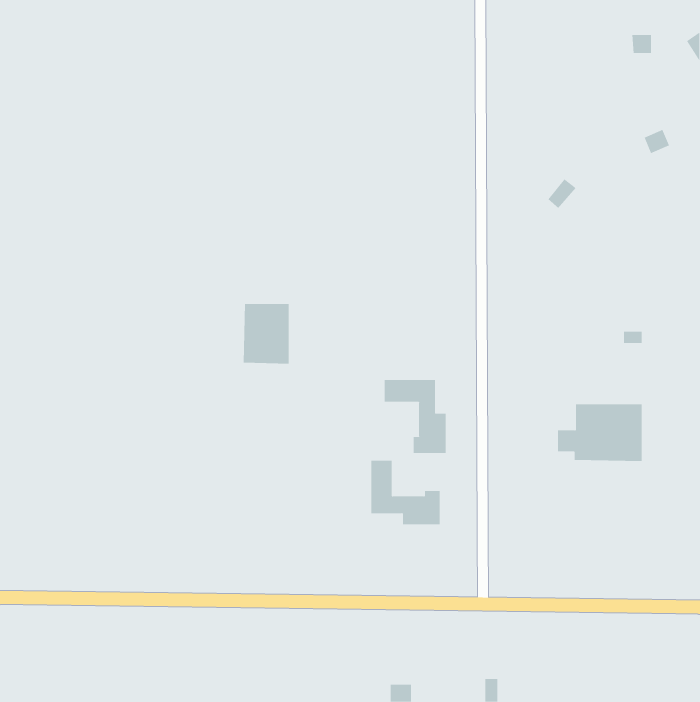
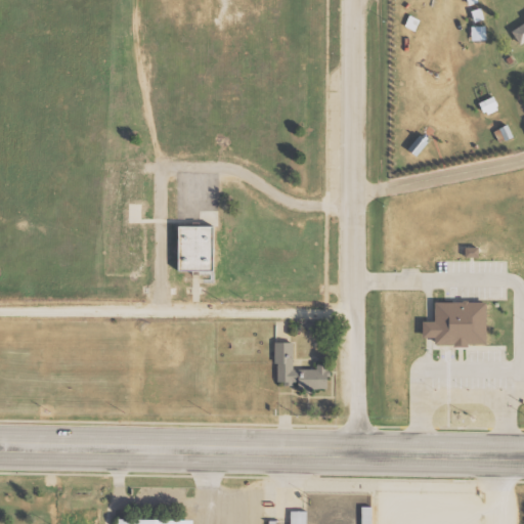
building: [384,379,446,454] -> none

